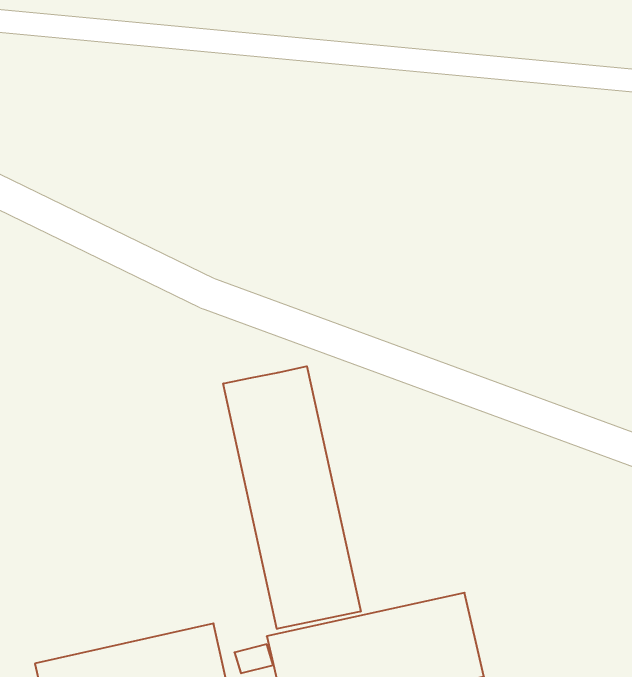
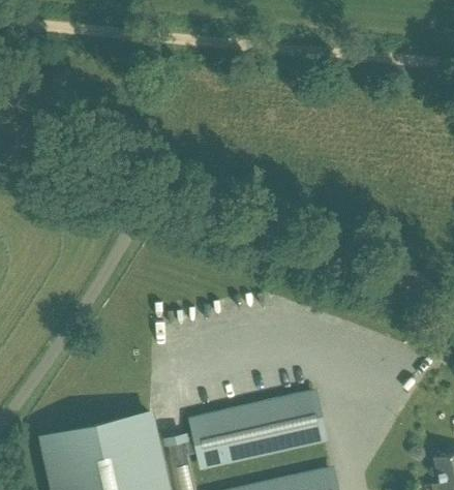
building: [223,366,361,629] -> none

